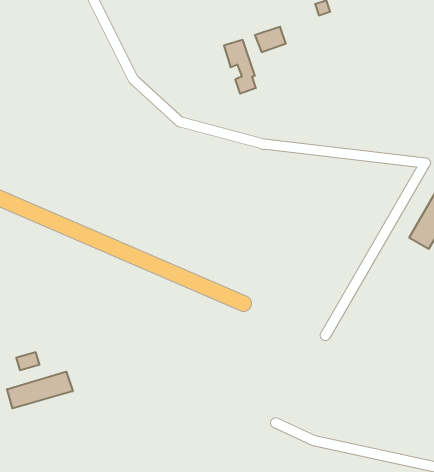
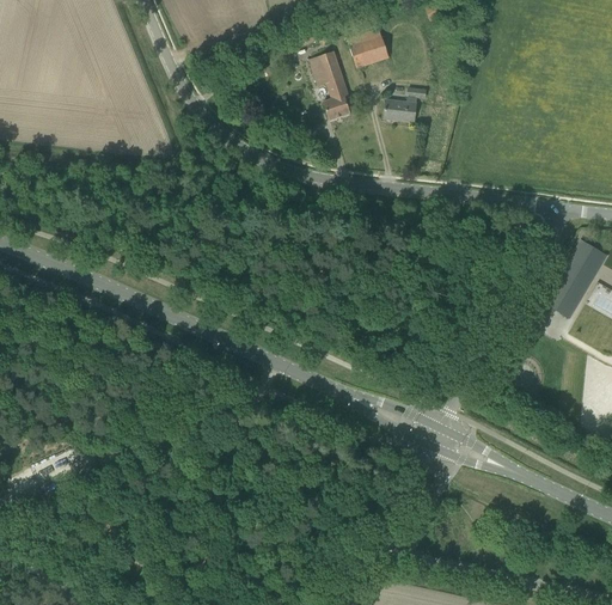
building: none -> [382,87,424,122]
building: [7,372,73,408] -> none

